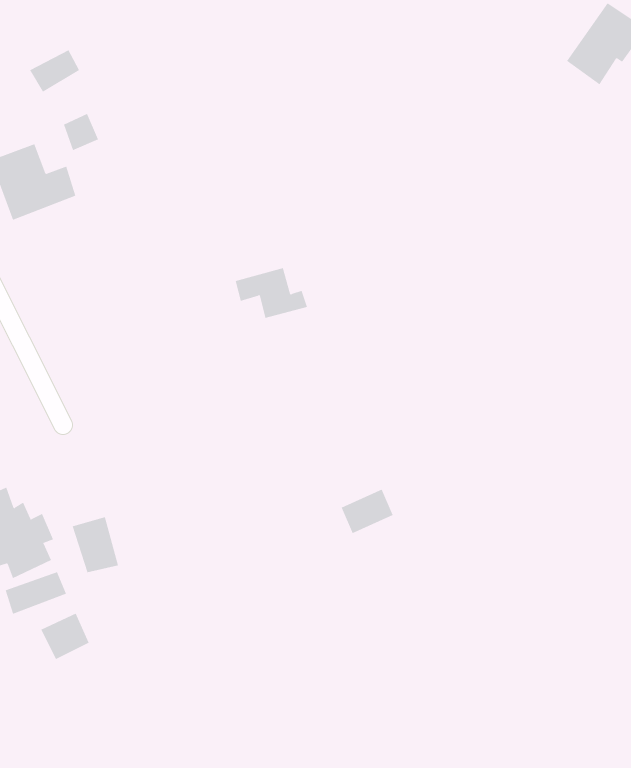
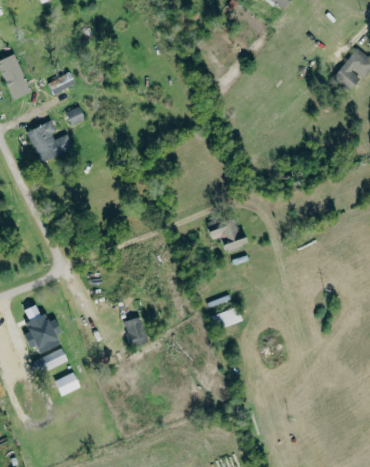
building: [235,268,308,318] -> [209,222,248,249]
building: [72,517,119,573] -> [123,316,148,346]

